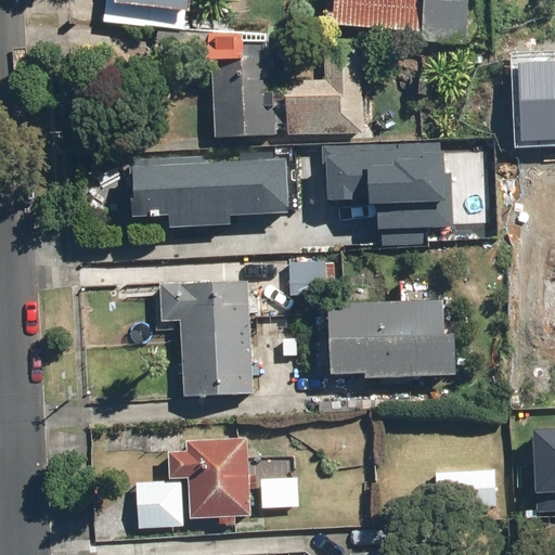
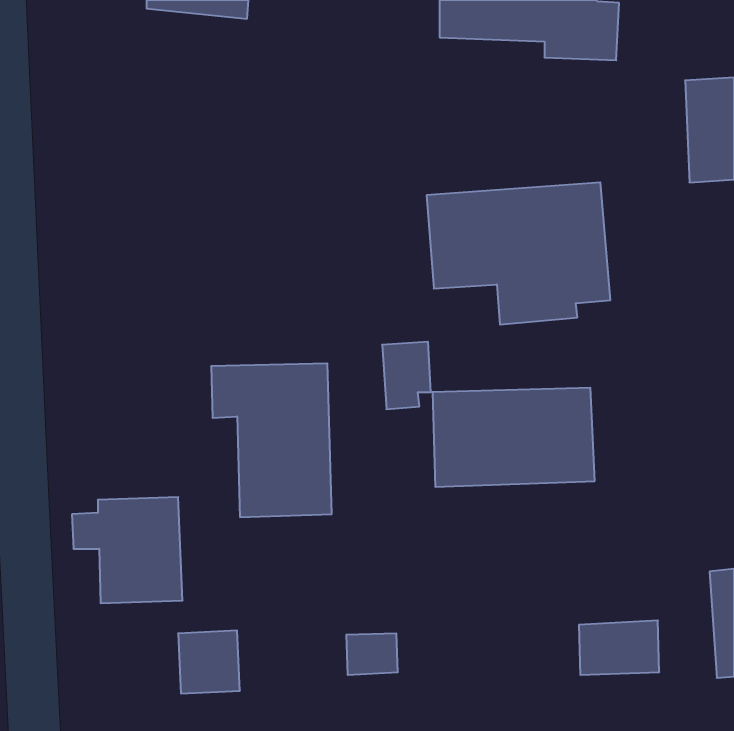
building: [203,36,275,140] -> none
building: [285,50,363,137] -> none
building: [128,154,293,232] -> none
building: [166,436,249,516] -> [72,497,183,603]

